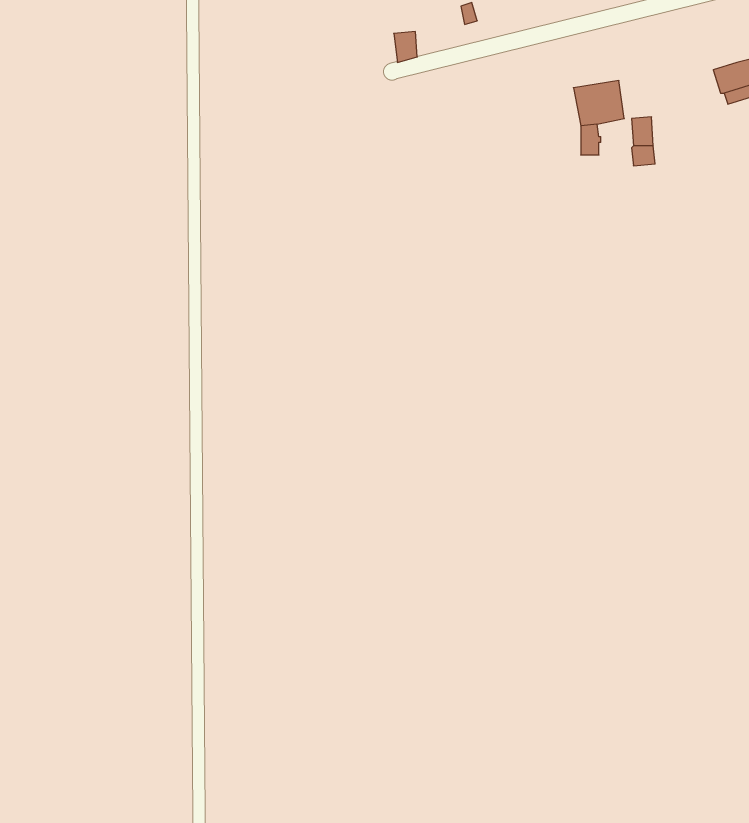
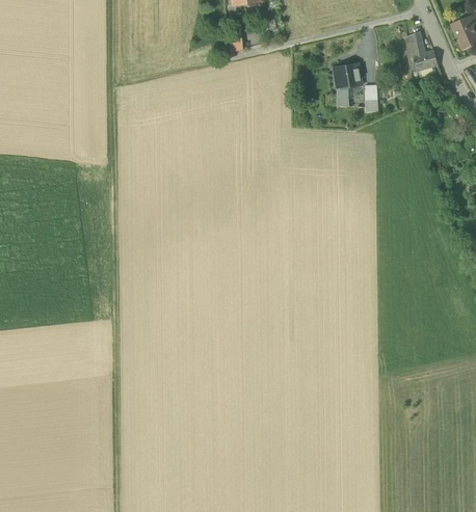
building: none -> [406,31,425,73]

